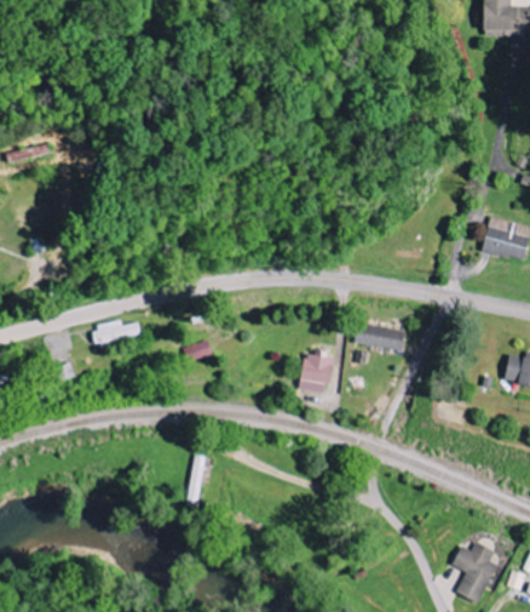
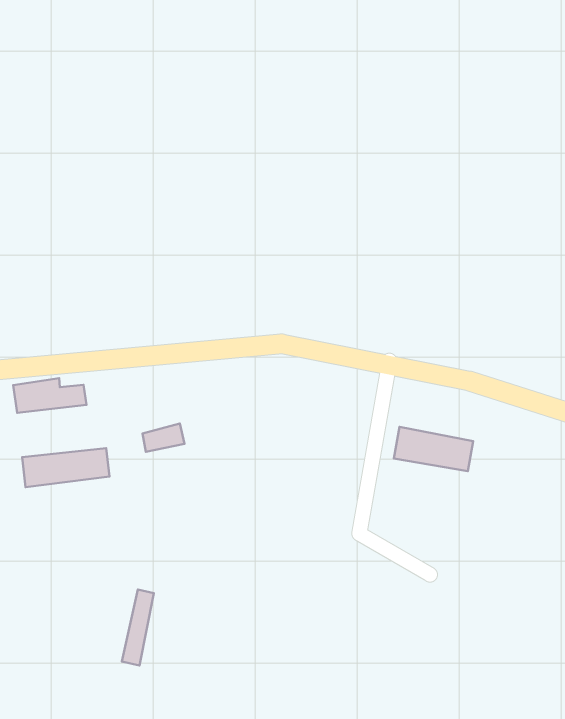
building: [301,353,333,393] -> none
building: none -> [22,448,110,487]

